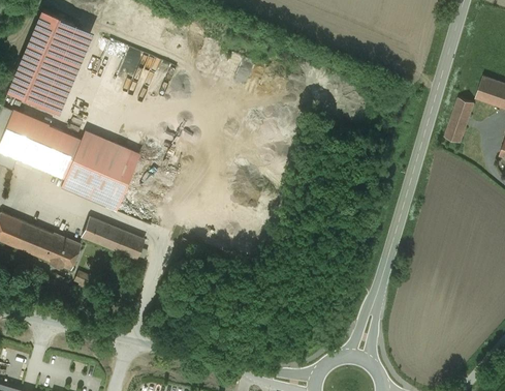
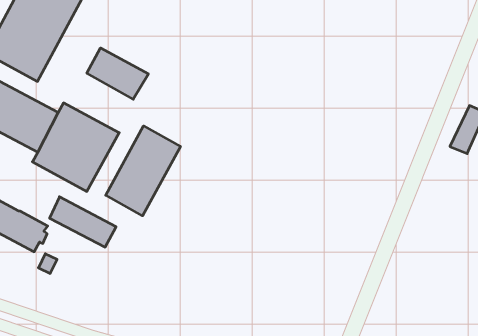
building: none -> [87,48,148,99]
building: none -> [106,126,180,216]

